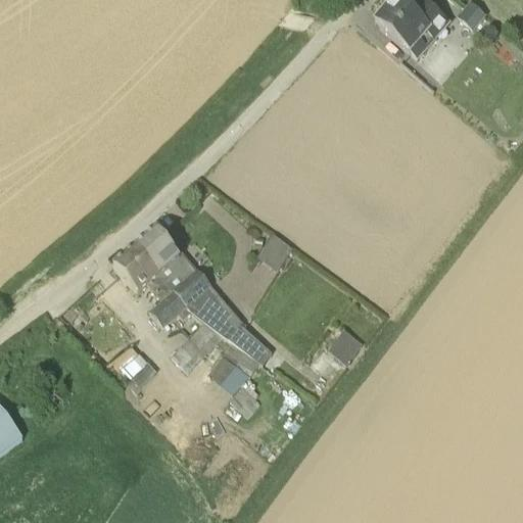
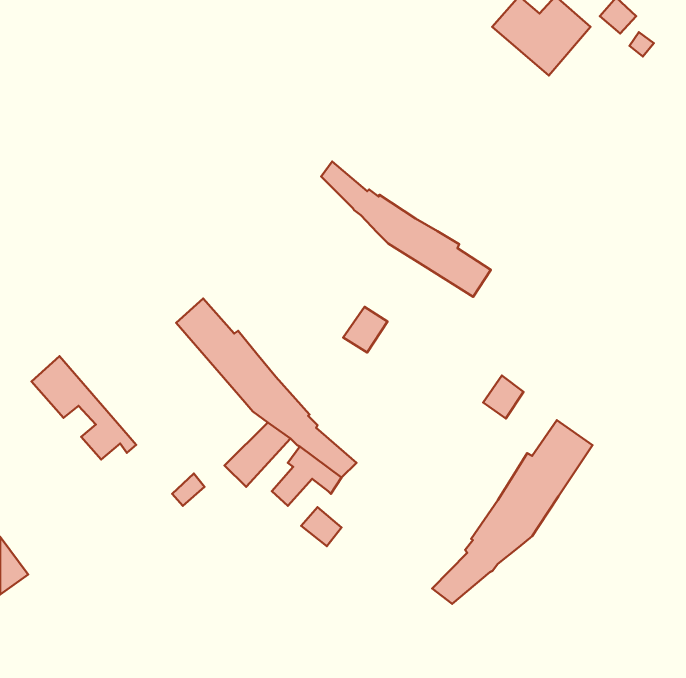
building: none -> [321,161,491,297]
building: [113,245,193,324] -> [31,356,136,460]
building: none -> [432,420,593,604]
building: [330,329,361,362] -> [483,376,523,419]

